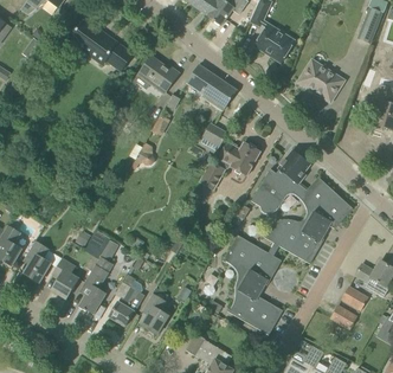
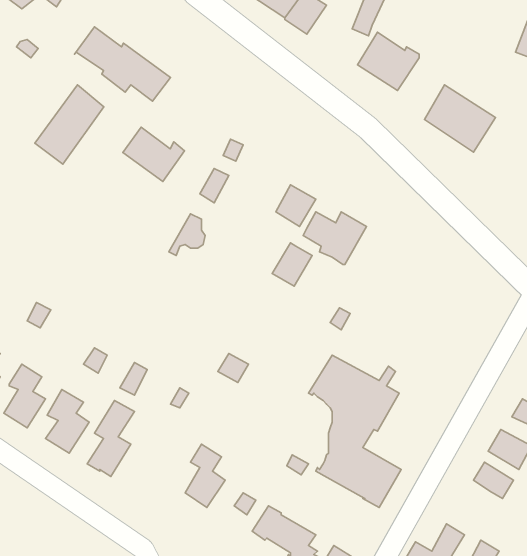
building: [138,57,179,92] -> [123,127,185,182]
building: none -> [35,85,104,164]
building: [187,64,237,107] -> none
building: [251,149,353,263] -> none
building: [109,281,142,326] -> none

